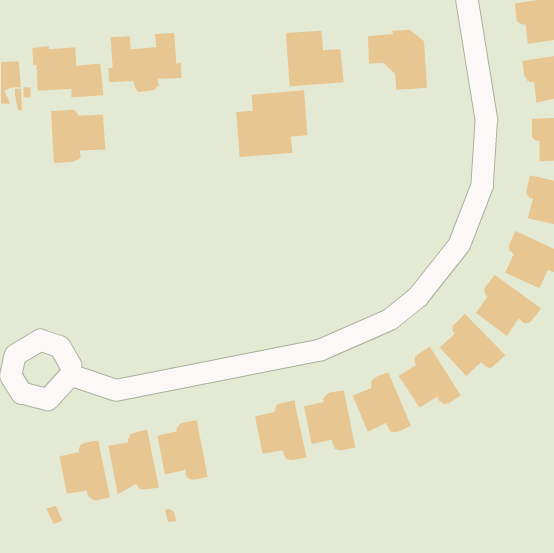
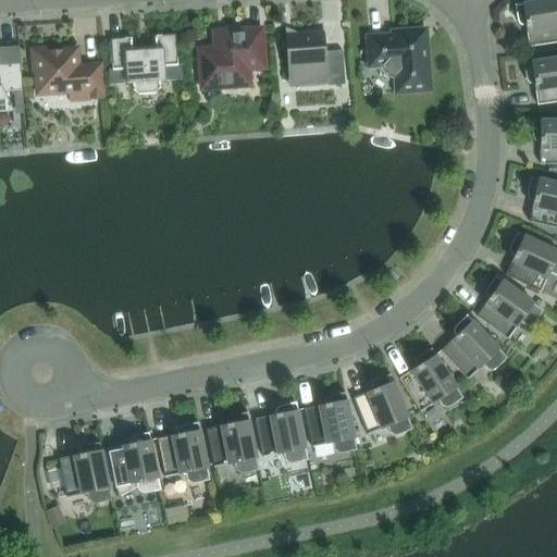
building: [235,90,308,157] -> [196,24,269,91]
building: [50,109,106,164] -> none
building: none -> [207,410,260,471]

